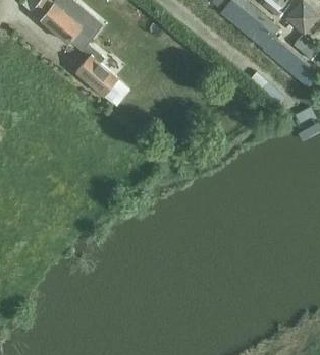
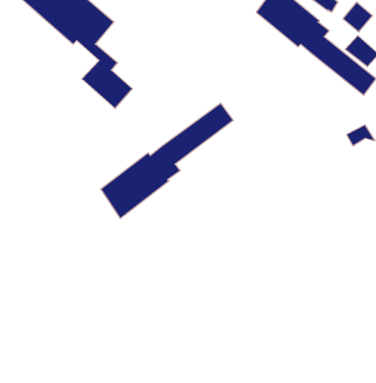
building: none -> [101,103,233,218]

